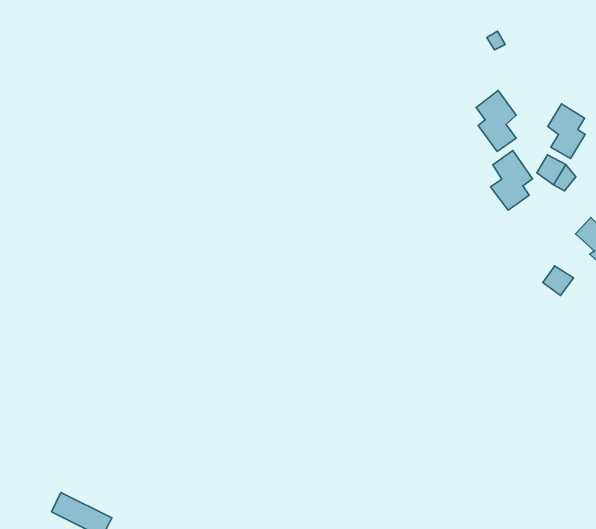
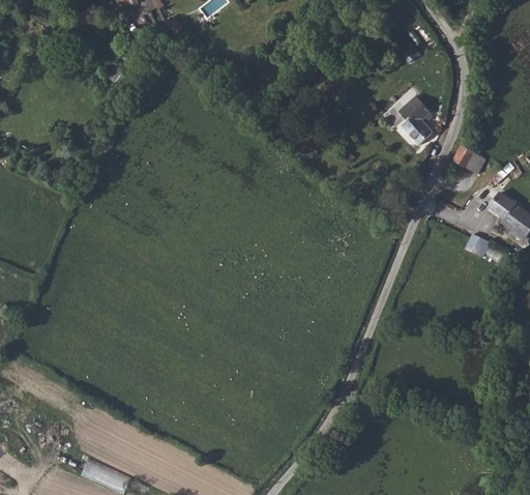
building: [548,104,585,159] -> none
building: [491,150,533,210] -> none

